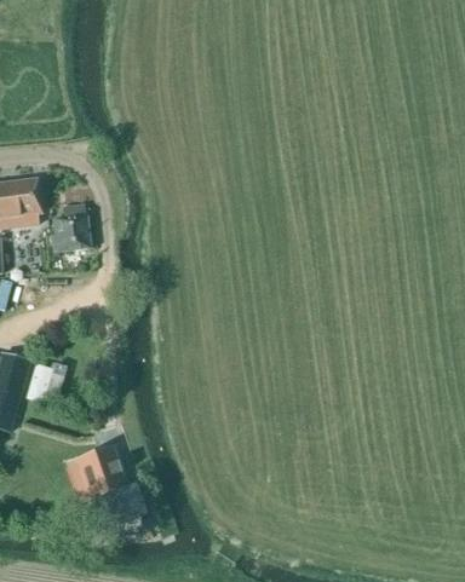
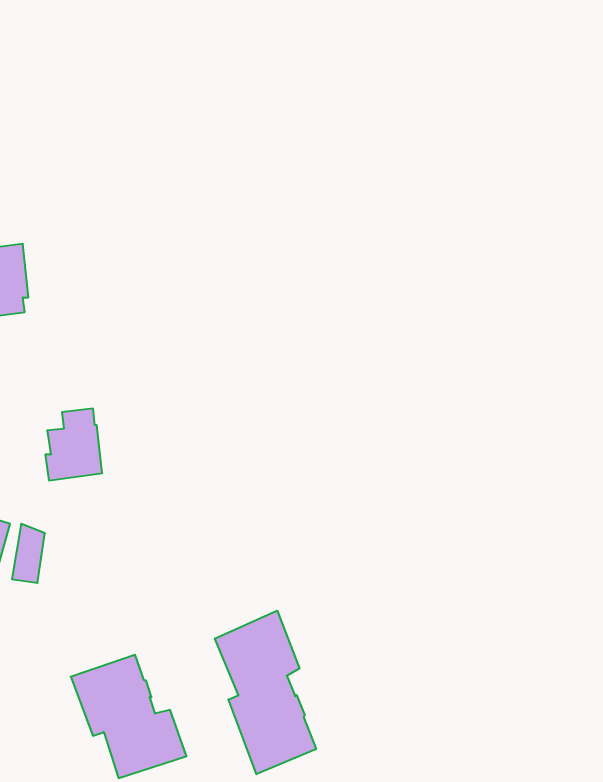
building: [52,203,90,250] -> [45,409,102,480]
building: none -> [215,611,316,774]

